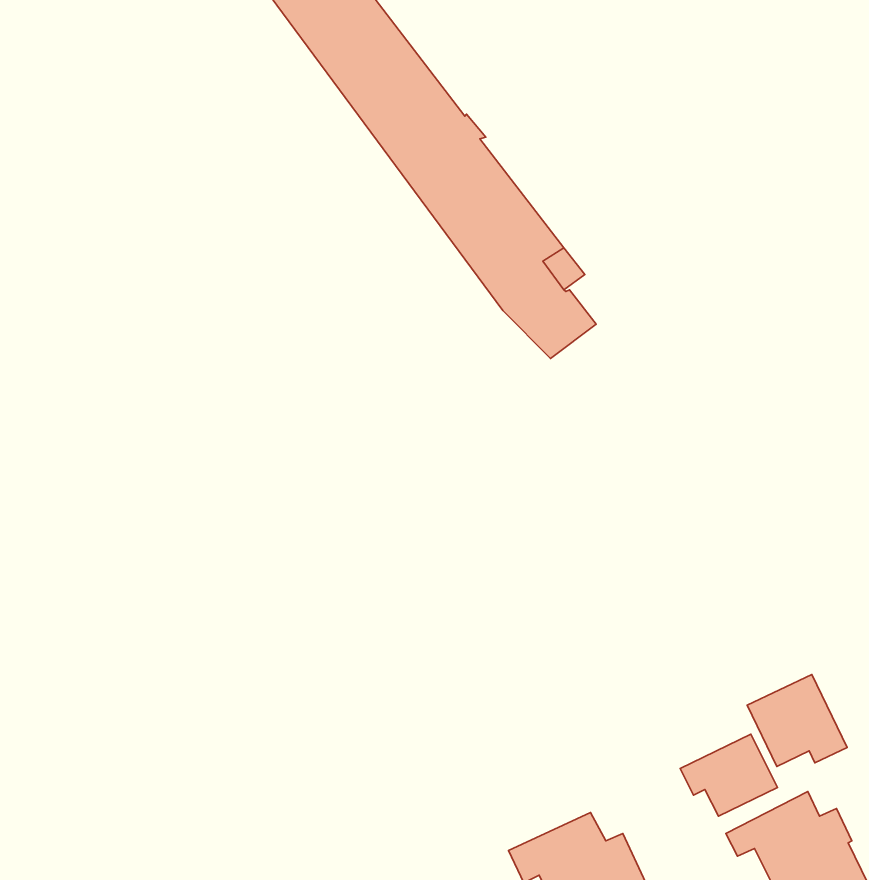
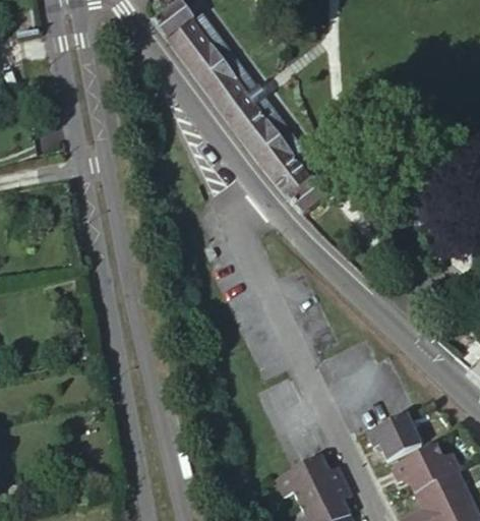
building: [747,675,847,766] -> none

